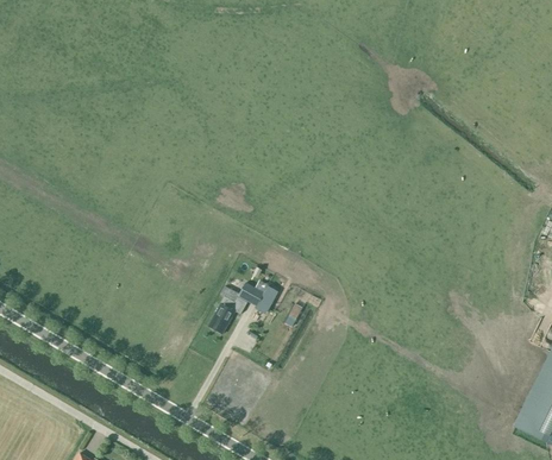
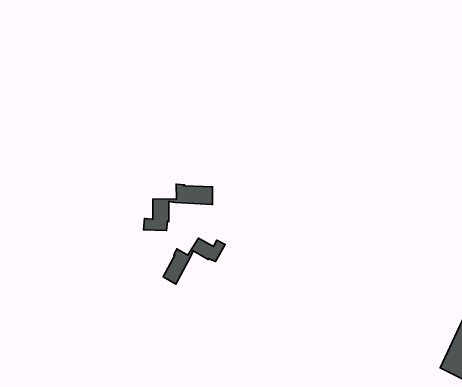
building: none -> [144,184,212,230]

